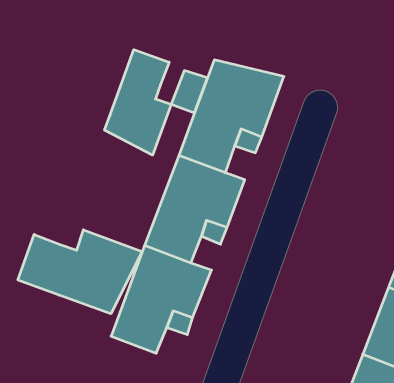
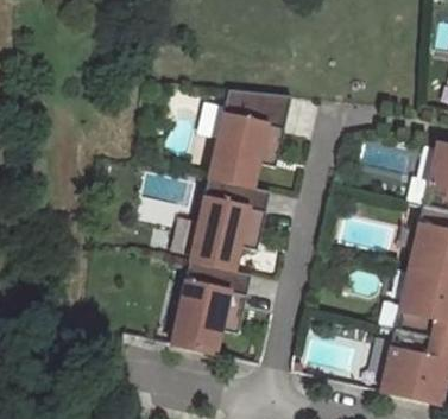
building: [105,50,171,155] -> none
building: [18,230,142,314] -> none

